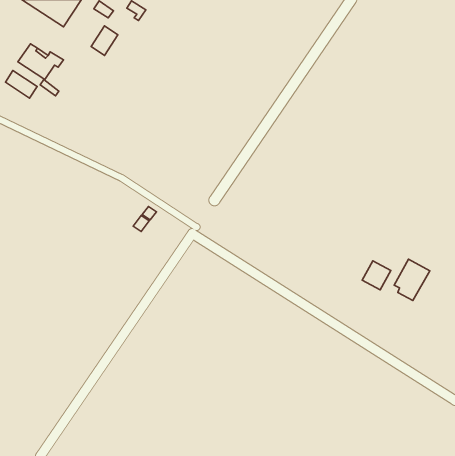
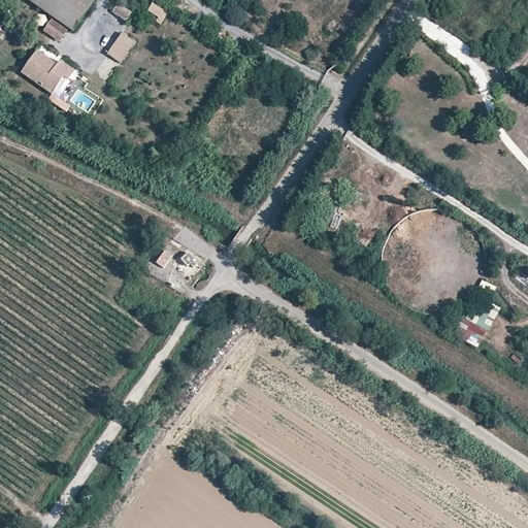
building: [5,70,37,98] -> none
building: [362,261,391,290] -> none

